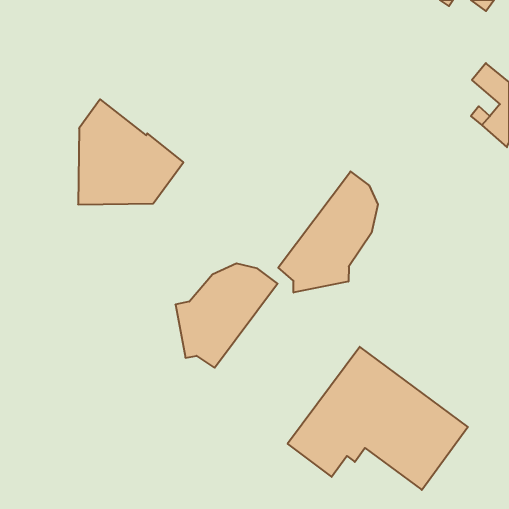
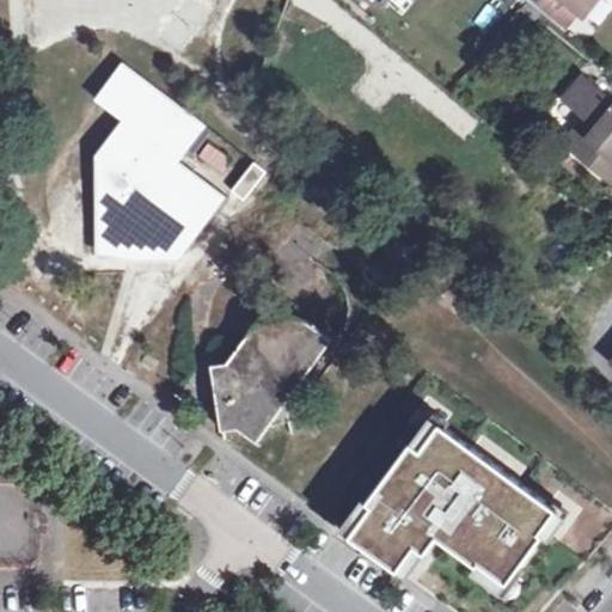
building: none -> [92,65,203,165]
building: [278,171,378,293] -> none

